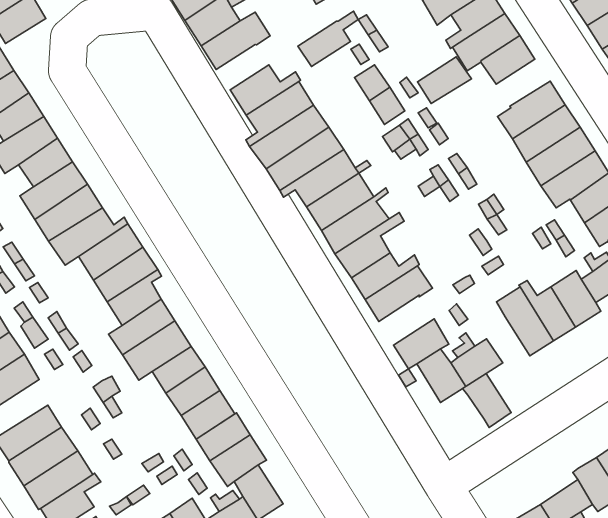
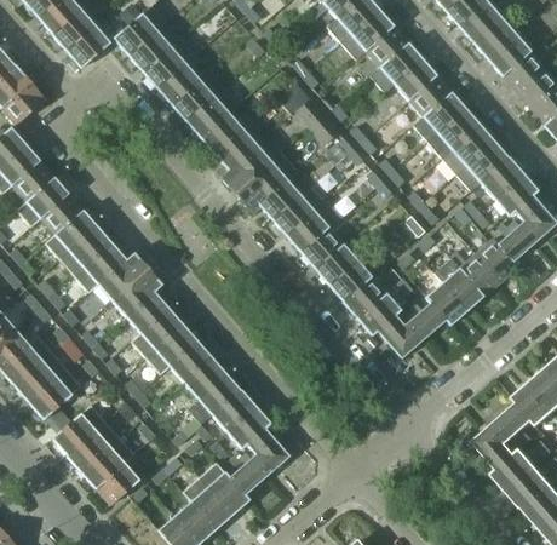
building: [298,11,358,67] -> [184,86,229,134]
building: [417,57,471,104] -> [407,75,449,115]
building: none -> [341,275,385,317]
building: [463,373,511,428] -> [424,282,465,325]

